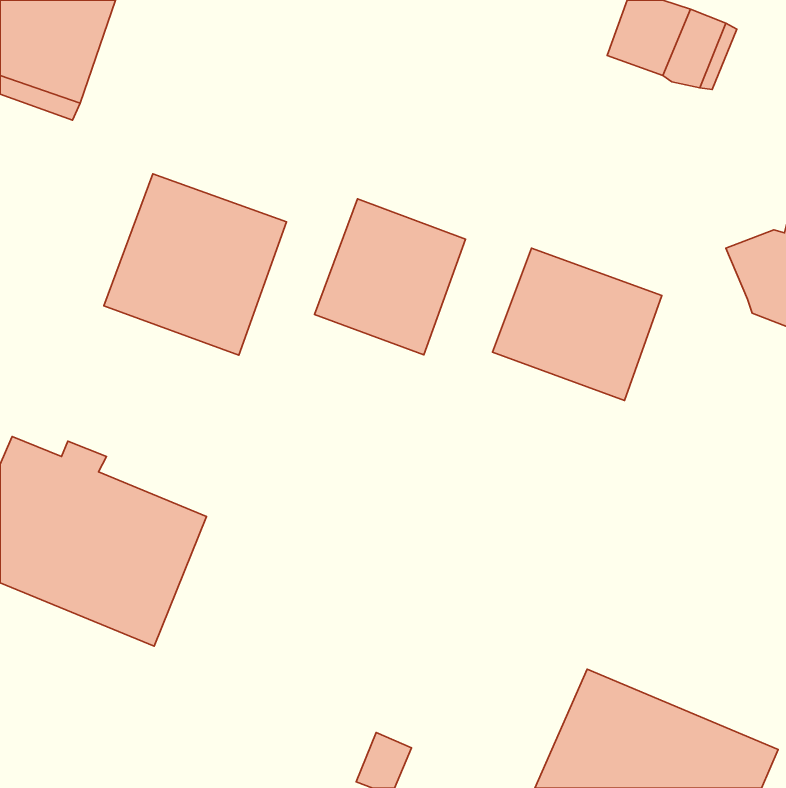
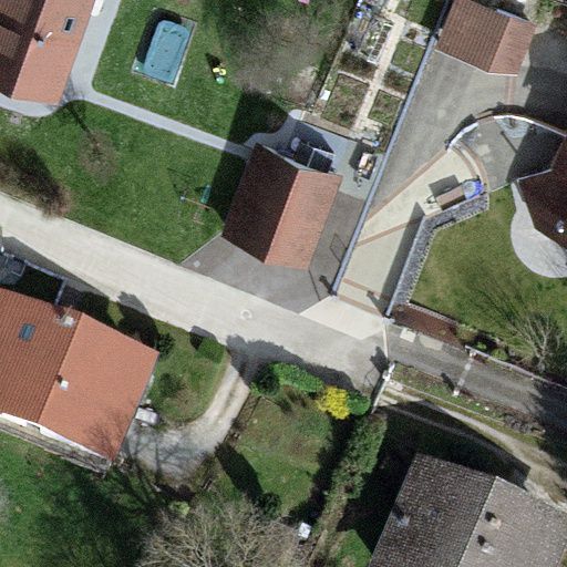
building: [104,174,287,355] -> none
building: [492,248,662,401] -> none

